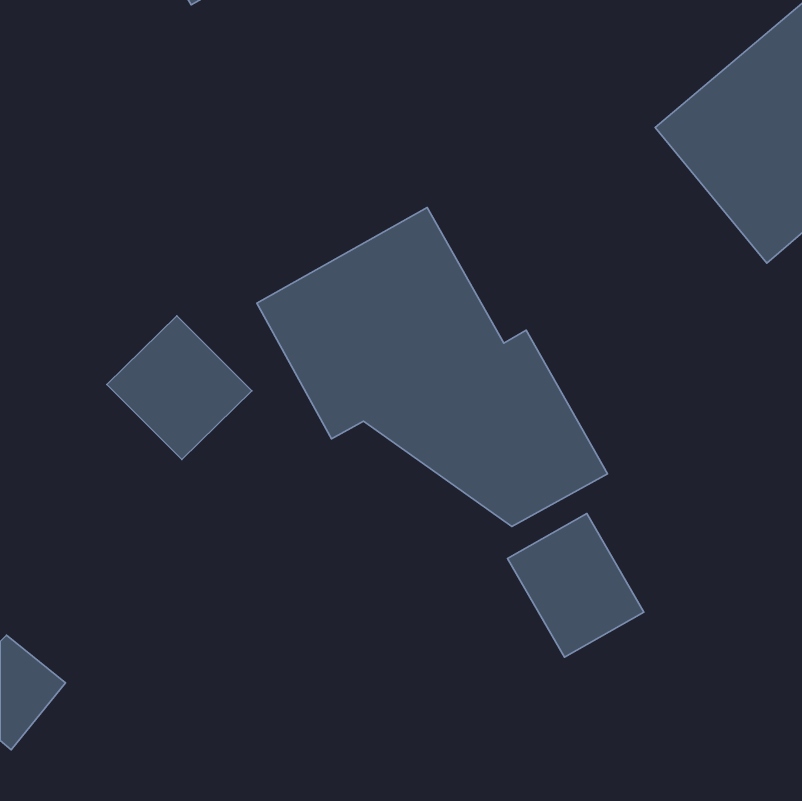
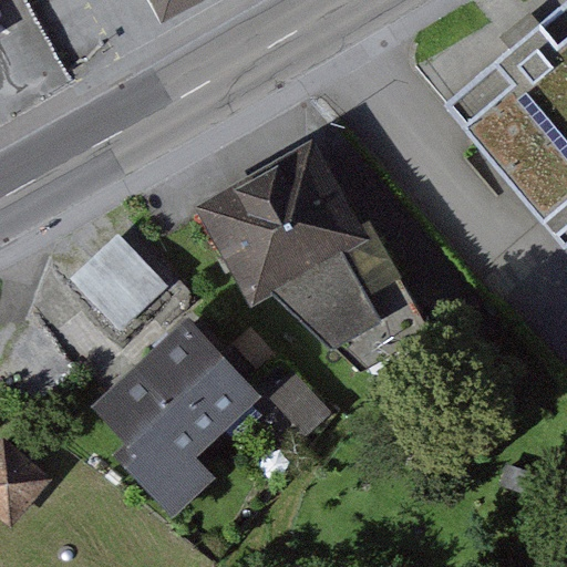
building: none -> [76,324,258,523]
building: [507,513,644,657] -> none

